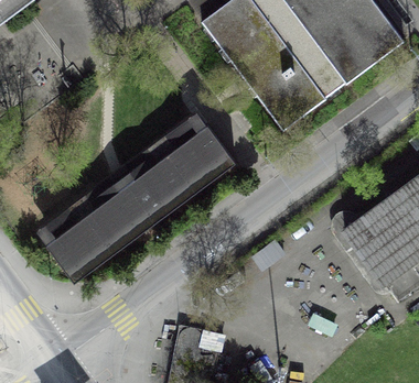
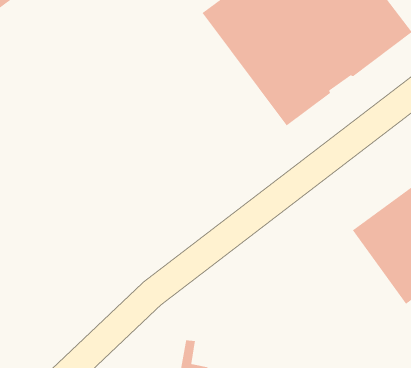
building: [44,123,235,281] -> none

